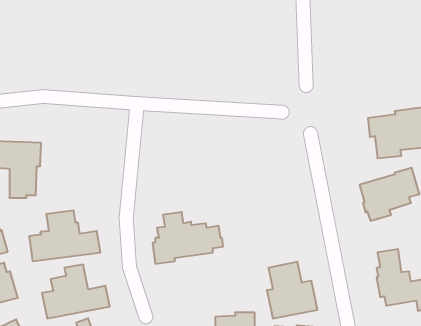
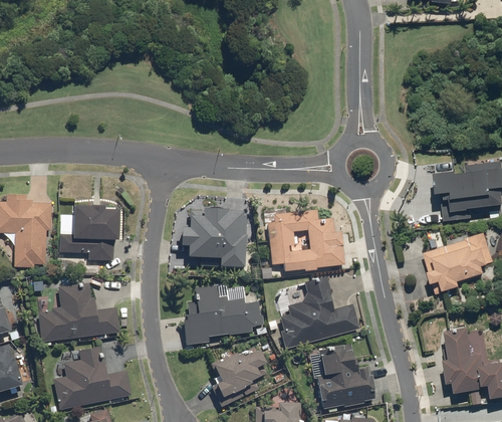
building: none -> [58,204,118,260]
building: none -> [179,208,245,267]
building: none -> [267,208,345,271]
building: none -> [276,275,360,350]
building: none -> [210,347,265,407]

